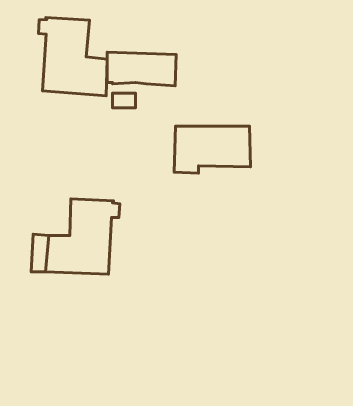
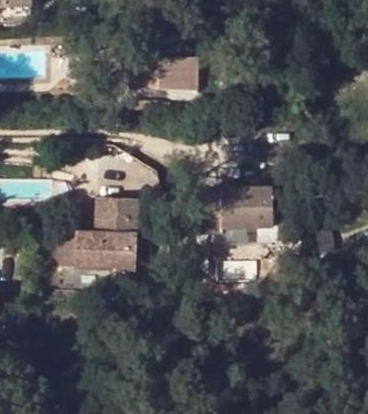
building: [39,17,107,96] -> none
building: [174,126,251,173] -> [198,193,271,239]

